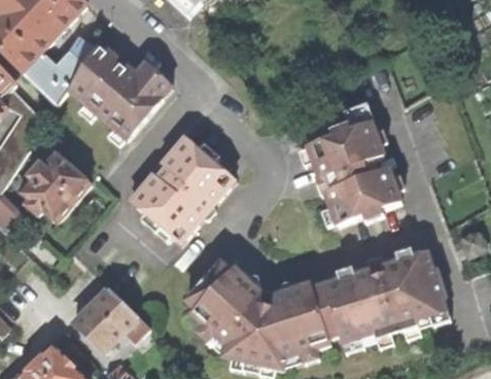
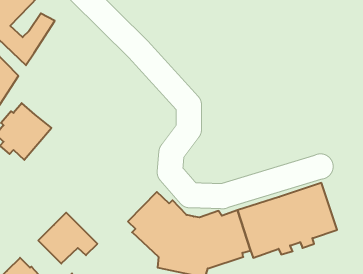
building: [68,40,172,137] -> none
building: [305,119,399,223] -> none
building: [133,134,233,242] -> none

